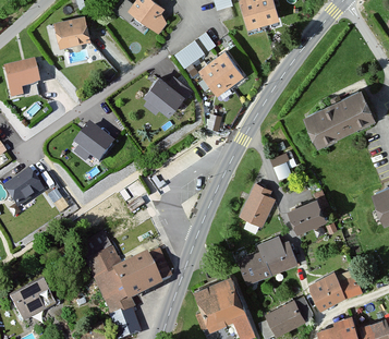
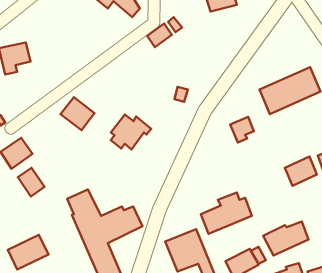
building: [53,17,89,47] -> none
building: [197,49,244,94] -> none
building: [143,75,190,116] -> [111,115,151,149]
building: [239,183,273,226] -> none
building: [288,197,325,231] -> [285,156,317,186]
building: none -> [18,168,45,196]

